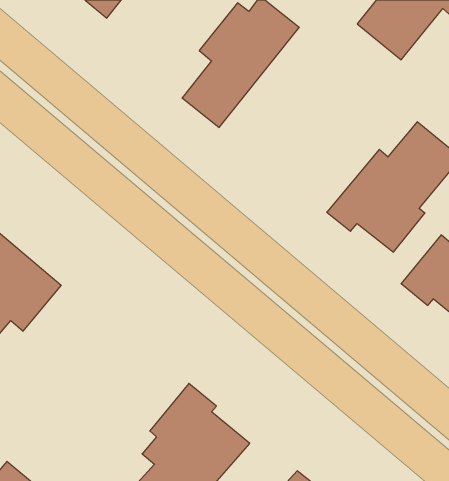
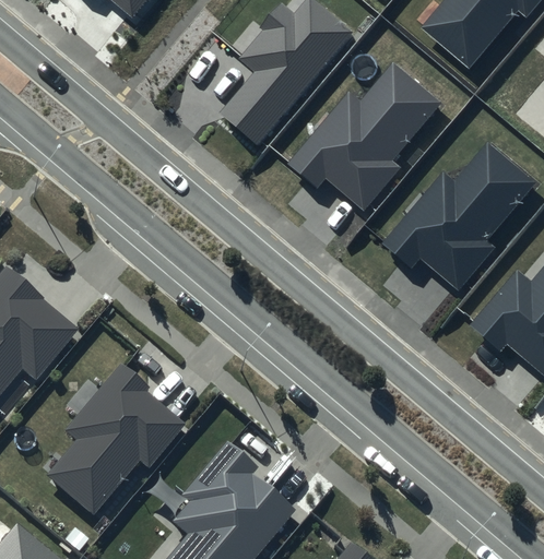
building: none -> [289,64,441,212]
building: none -> [47,362,187,515]

